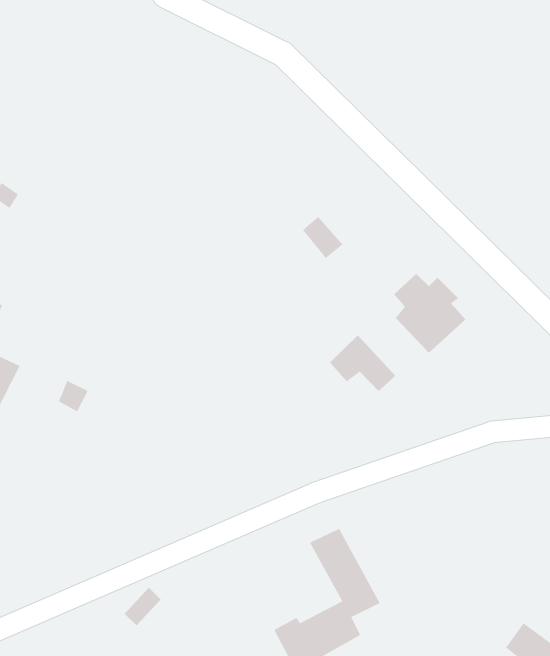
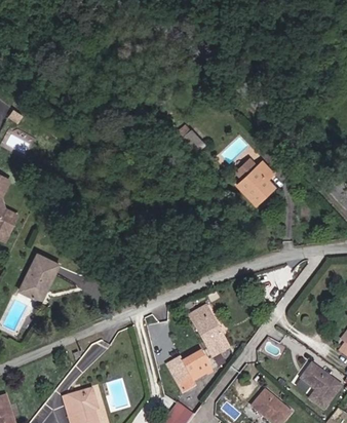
building: [329,334,396,392] -> none
building: none -> [18,255,59,300]

